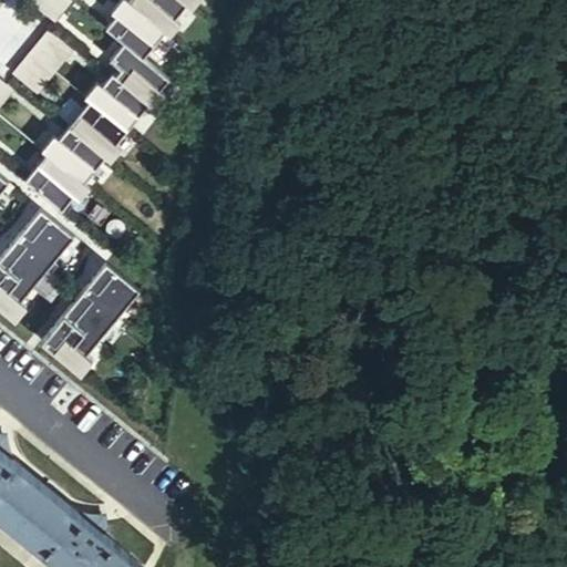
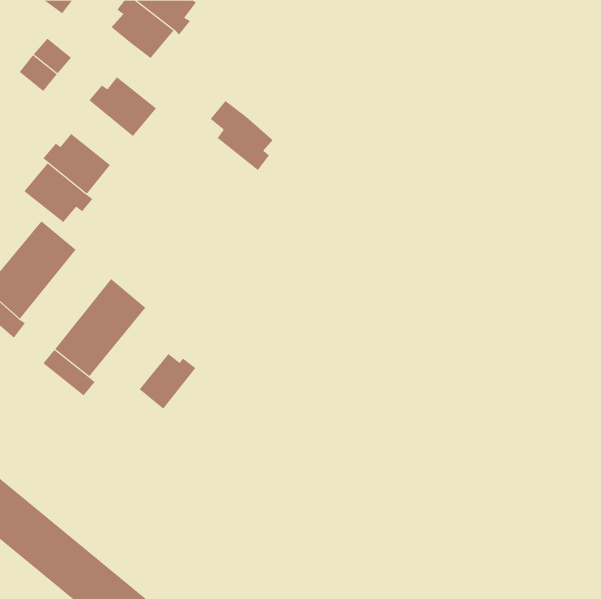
building: [107,43,167,110] -> [210,100,273,171]
building: [66,102,125,163] -> none
building: none -> [139,353,196,410]

